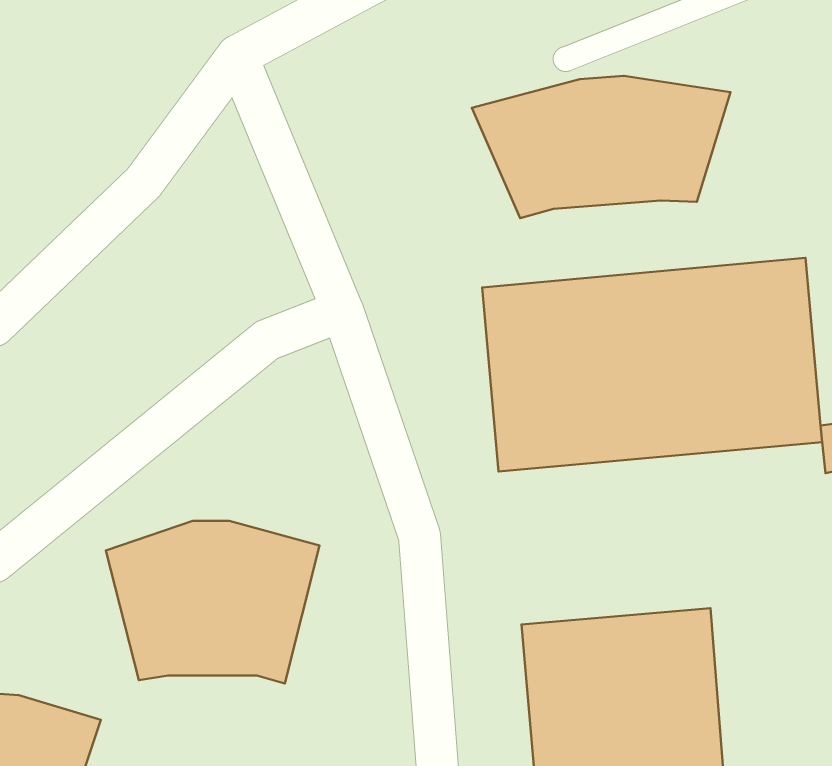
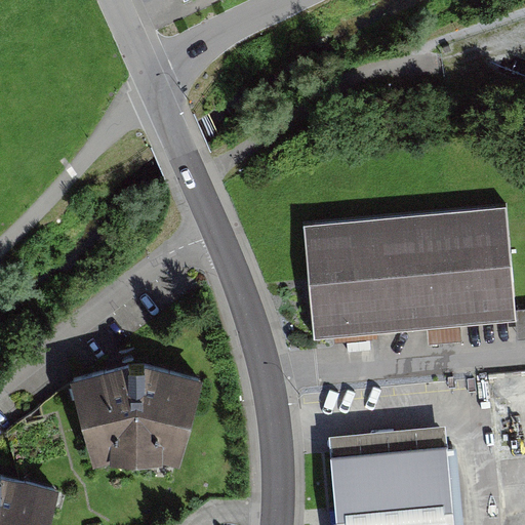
building: [472,76,730,218] -> none

